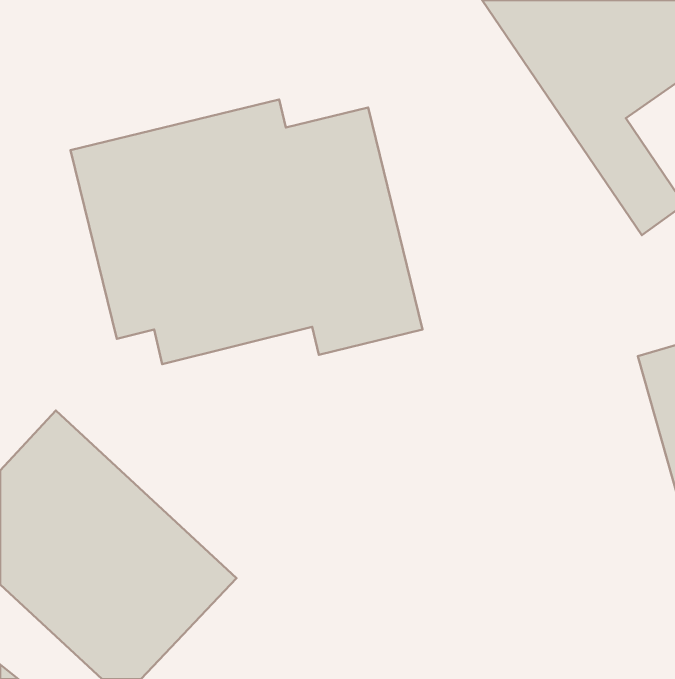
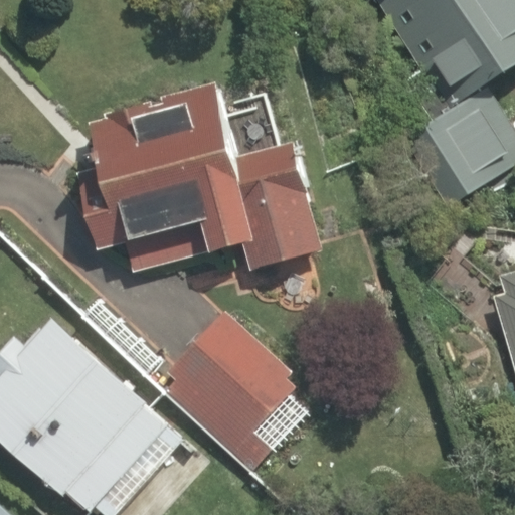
building: none -> [154,302,327,474]

